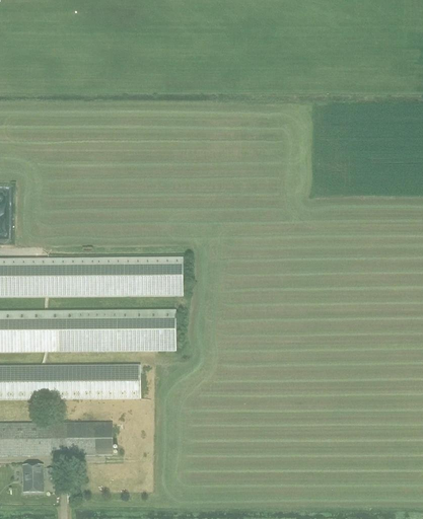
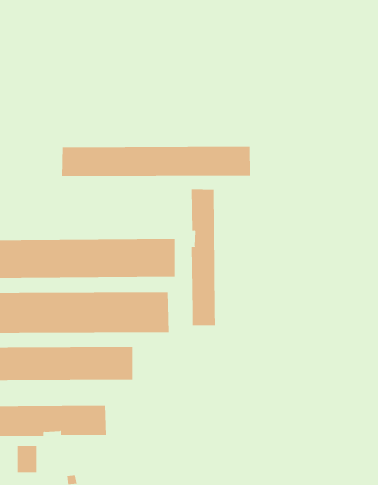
building: none -> [62,146,251,177]
building: none -> [191,189,216,326]

